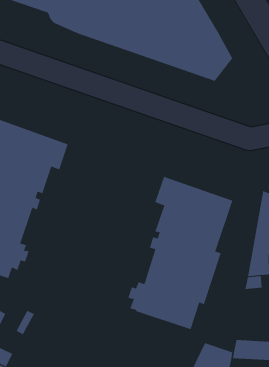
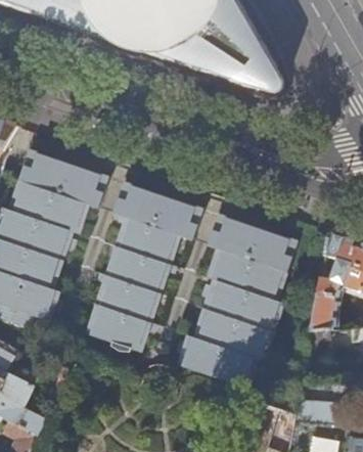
building: none -> [84,183,201,354]

